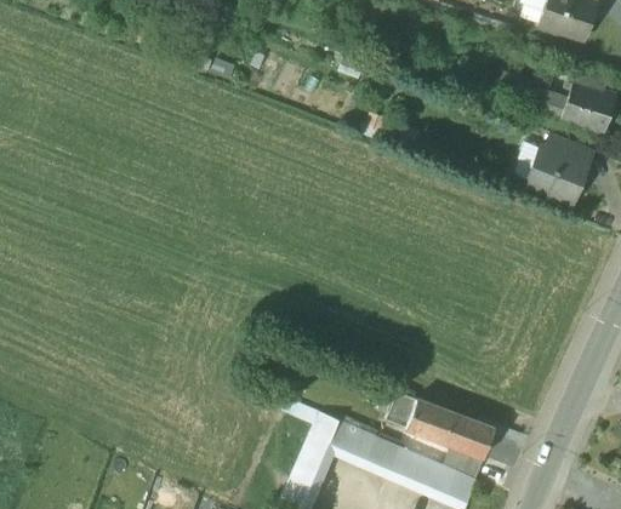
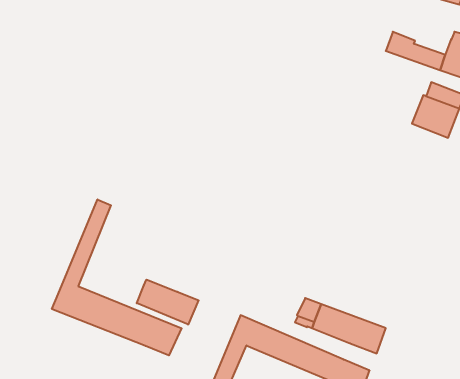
building: none -> [52,199,182,355]
building: none -> [137,280,199,325]
building: [445,446,485,479] -> none

